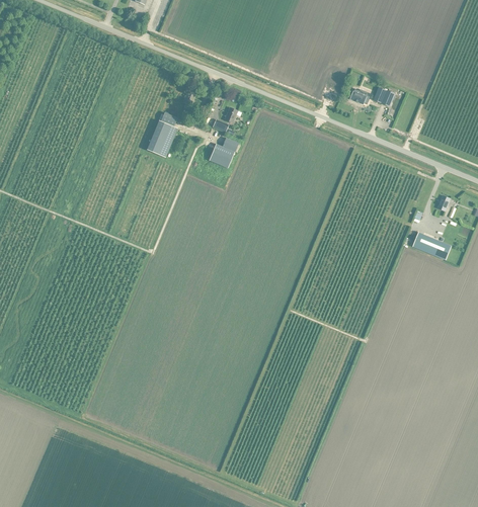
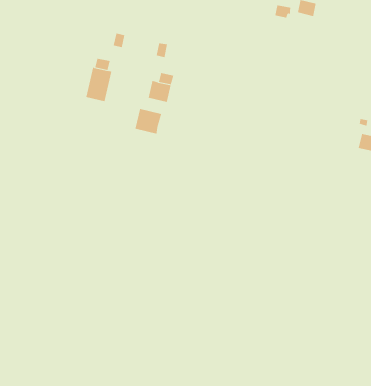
building: none -> [135,108,162,135]

